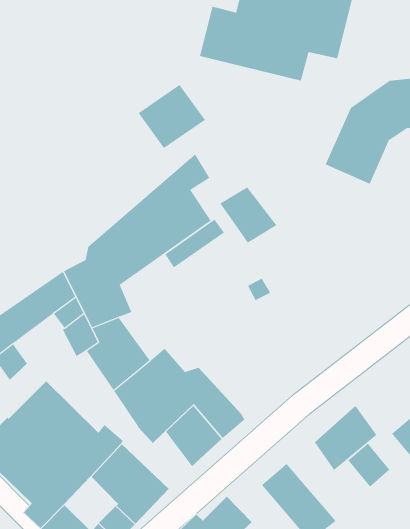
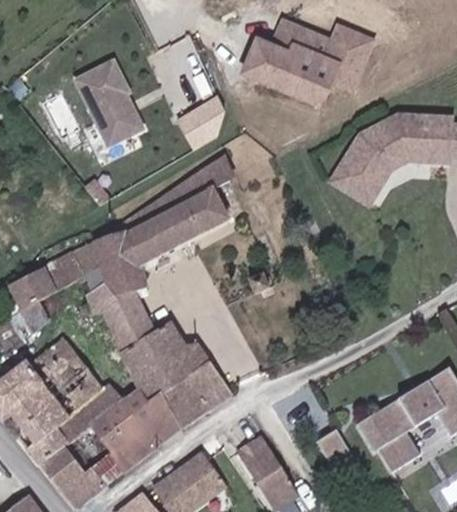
building: none -> [74,55,145,146]
building: [219,187,277,244] -> none
building: [314,405,377,471] -> none
building: none -> [121,388,179,445]

